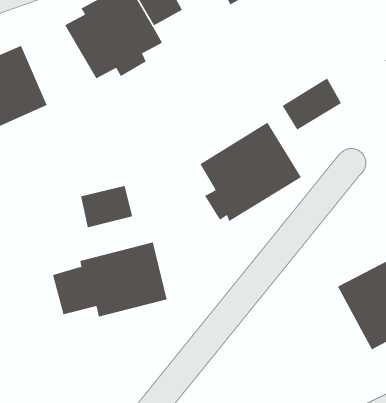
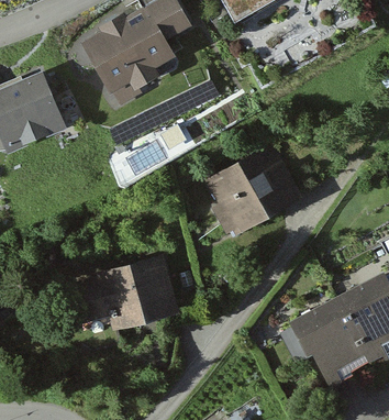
building: [282,78,342,130] -> none
building: [80,185,133,228] -> none
building: none -> [278,290,367,380]

